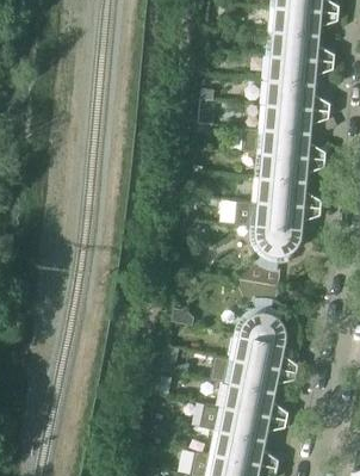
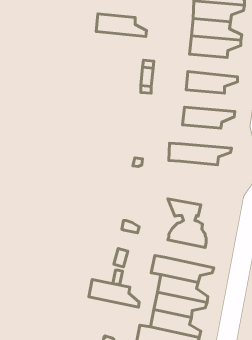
building: [261,81,330,112] -> [96,14,147,37]
building: [243,129,325,160] -> none
building: [252,178,322,210] -> none
building: [234,228,302,288] -> none
building: [229,335,298,373] -> [89,279,139,307]

